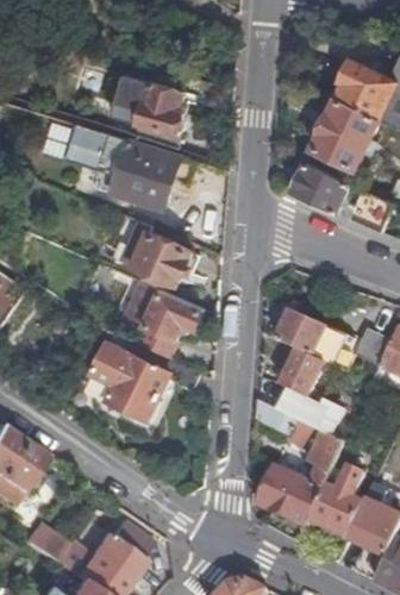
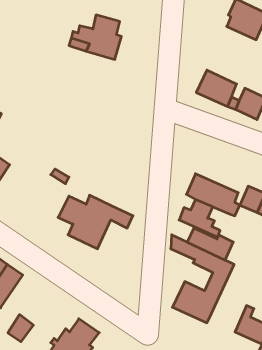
building: [312,99,379,168] -> none
building: [65,127,194,209] -> none
building: [106,214,199,284] -> none
building: [117,277,205,358] -> none
building: [311,466,364,538] -> none

